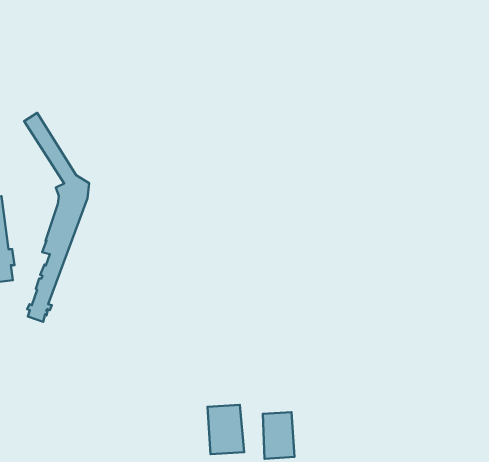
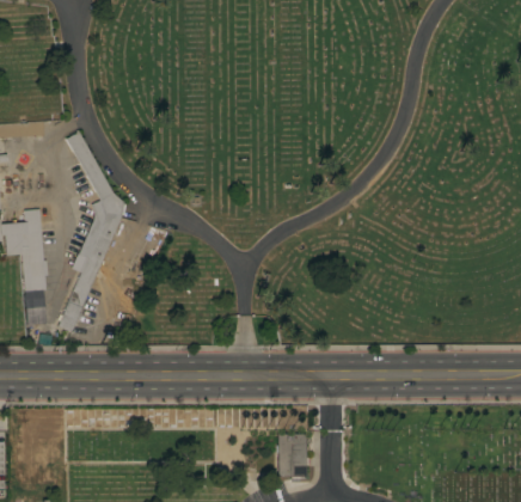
building: [207,405,244,454] -> none

